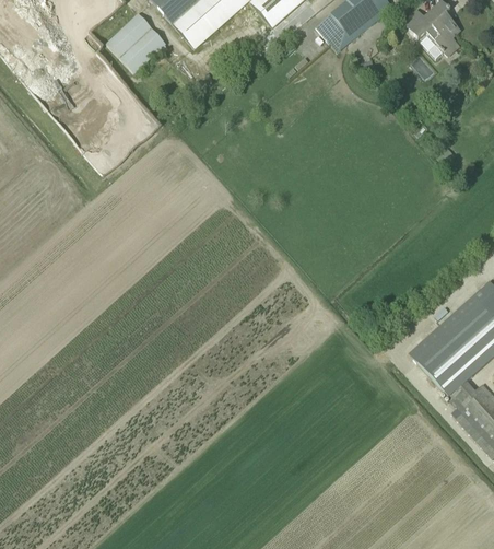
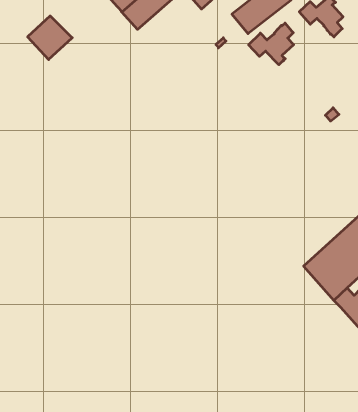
building: [107,15,165,72] -> [28,16,72,60]
building: none -> [249,23,294,65]

